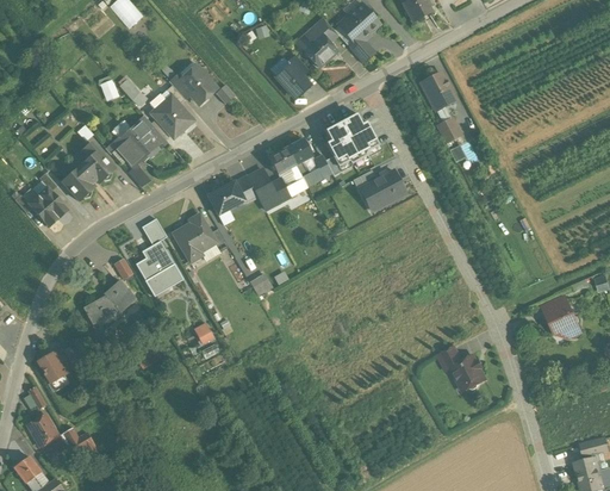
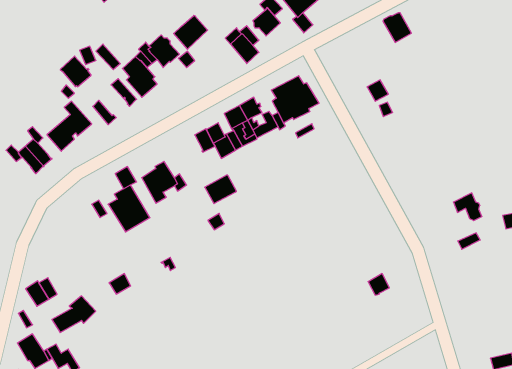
building: none -> [174,15,208,49]
building: [422,75,455,110] -> [383,13,411,42]
building: [120,124,156,160] -> [60,56,91,87]
building: [362,170,405,210] -> none
building: [207,181,244,215] -> [205,175,236,204]
building: [83,280,135,323] -> [52,296,96,333]
building: [547,305,580,337] -> [453,193,482,221]
building: [450,355,485,391] -> none

